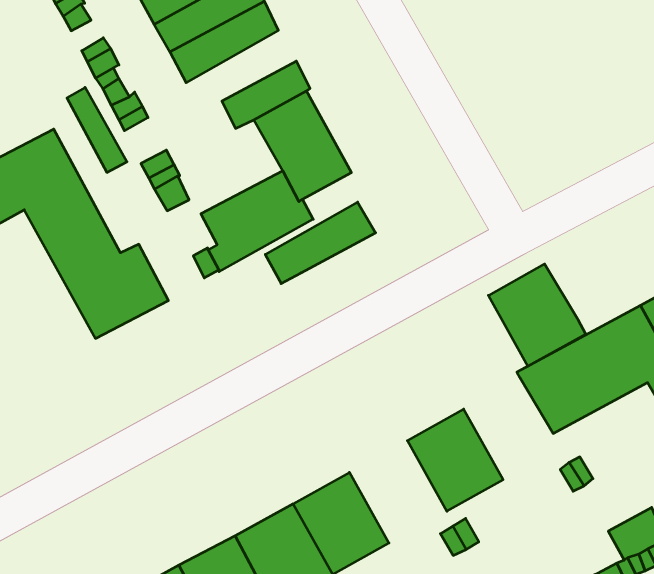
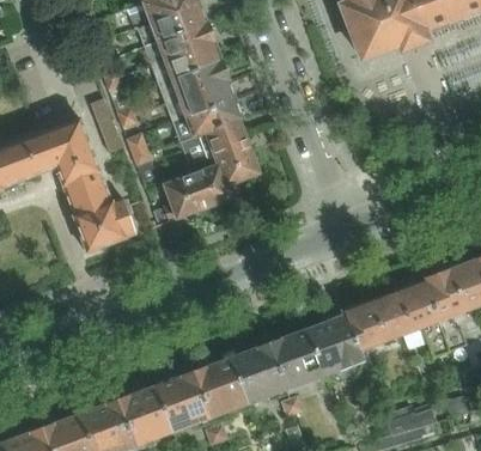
building: [265,202,376,284] -> [164,80,233,123]
building: [488,264,586,366] -> [305,313,361,374]
building: none -> [230,342,286,403]

